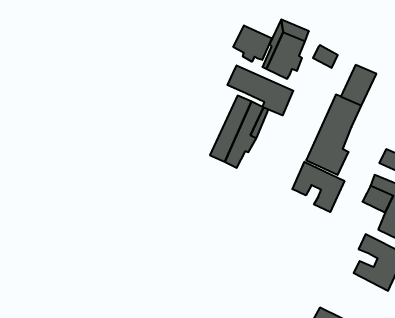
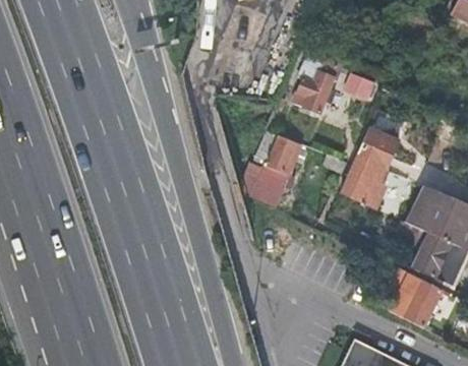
building: [233,25,272,62] -> none
building: [227,65,293,115] -> none
building: [292,162,344,212] -> none

